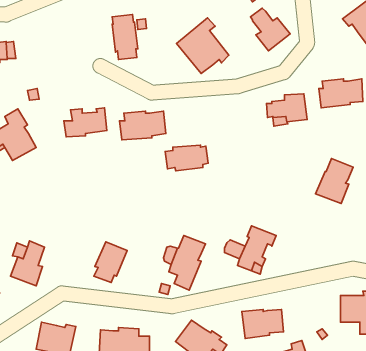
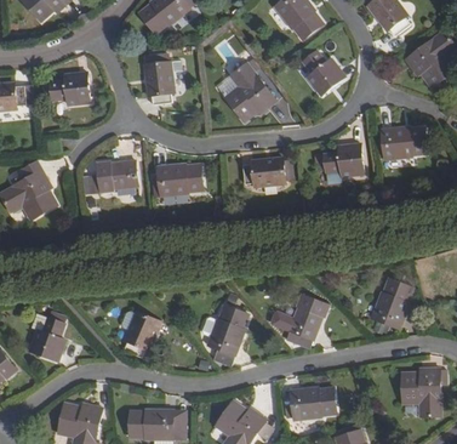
building: none -> [42,72,90,104]
building: [165,145,208,171] -> [242,158,291,187]
building: [316,158,353,204] -> [371,278,413,329]

